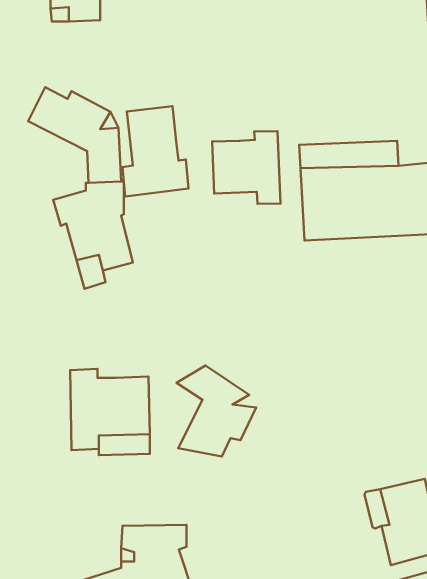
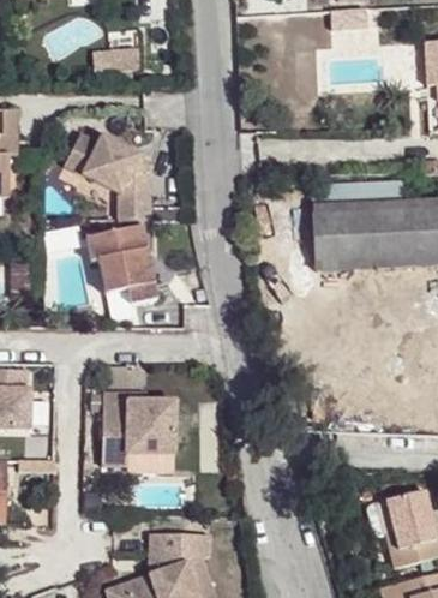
building: [122,106,189,196] -> none
building: [212,131,281,204] -> none
building: [177,365,256,457] -> none

